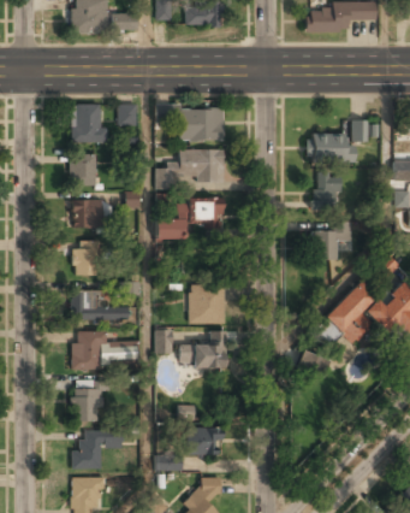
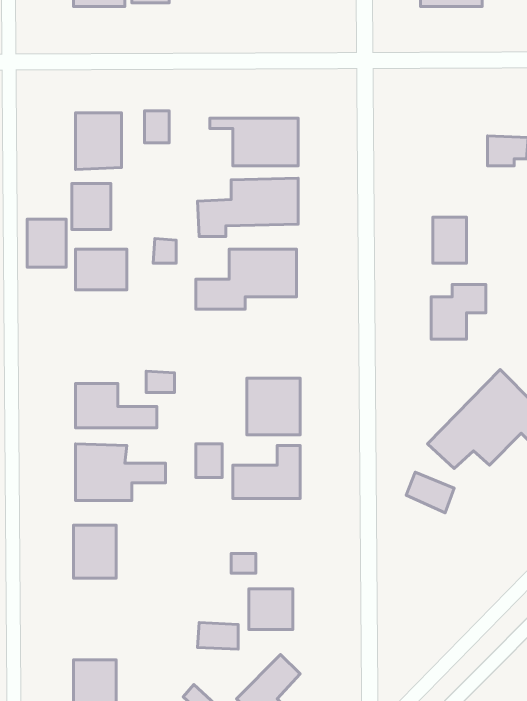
building: [309,135,355,163] -> none
building: [73,241,100,273] -> [27,219,66,267]
building: [72,430,123,470] -> none

